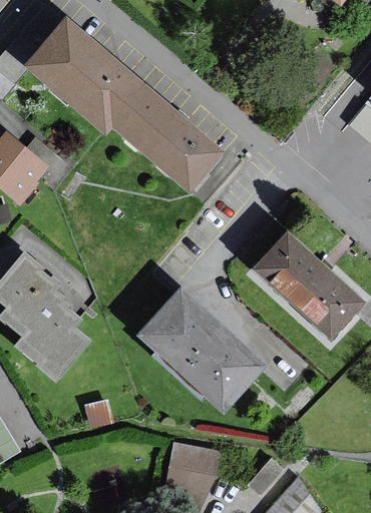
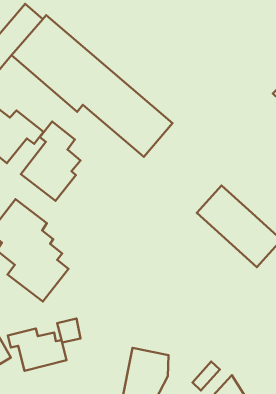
building: none -> [21,121,80,201]
building: [141,291,263,409] -> none
building: none -> [8,329,67,371]

